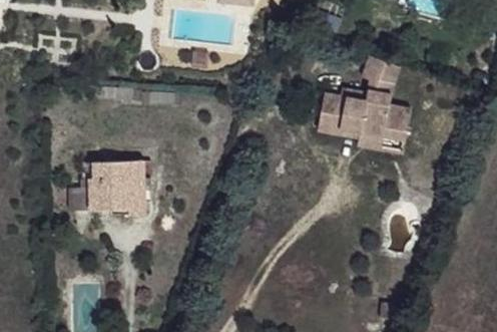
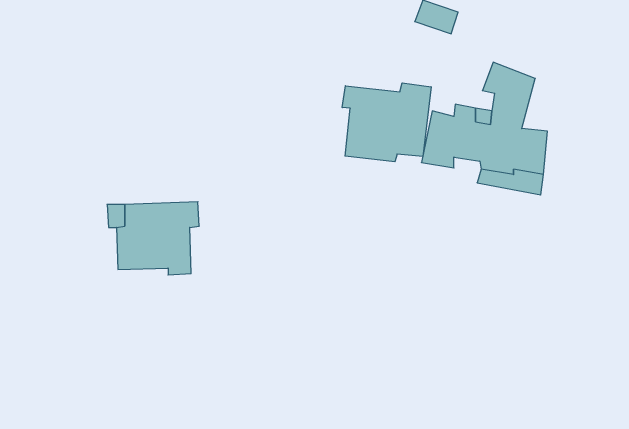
building: none -> [342,83,431,162]

